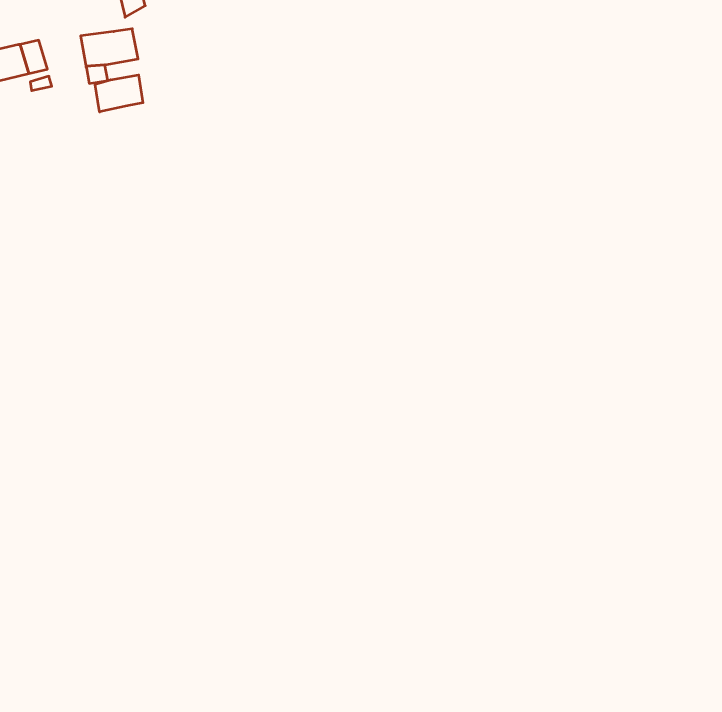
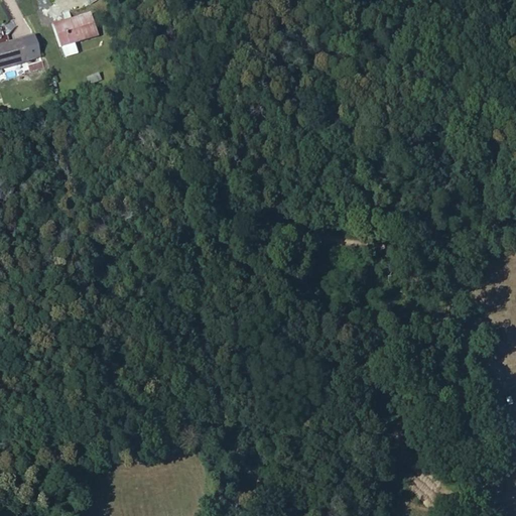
building: [95,75,143,112] -> none

